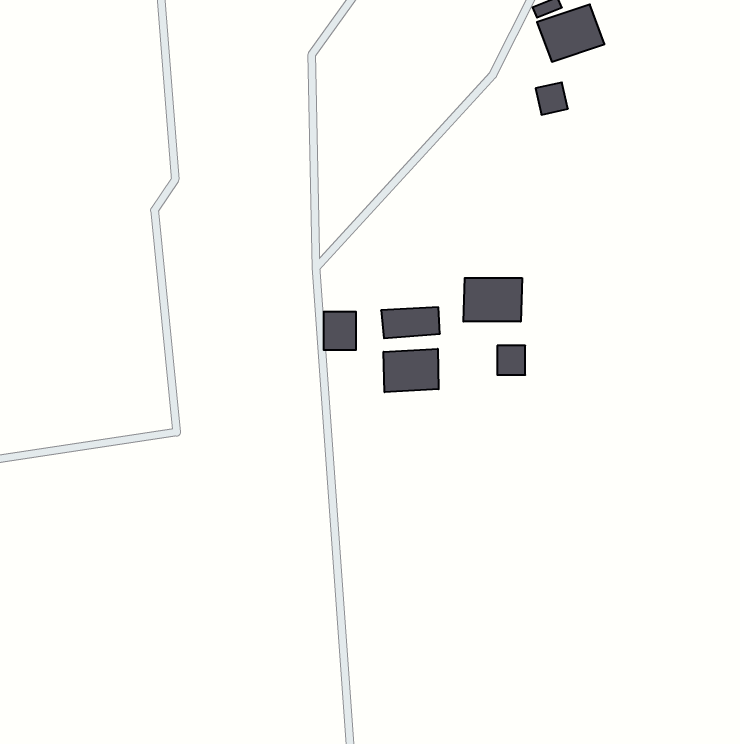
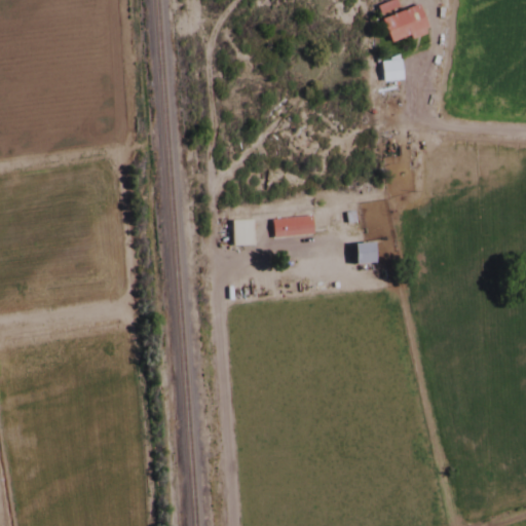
building: [463,278,522,322] -> none
building: [384,349,439,392] -> none

